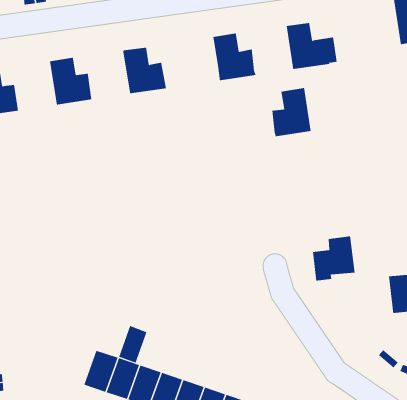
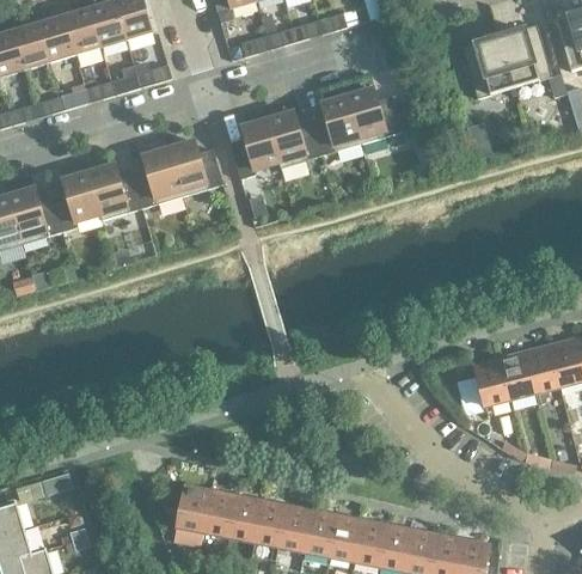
building: none -> [232,118,281,178]
building: none -> [134,147,183,207]
building: none -> [54,171,103,231]
building: [271,87,311,137] -> [313,94,361,154]
building: [312,236,355,281] -> [459,358,510,414]
building: [119,325,147,364] -> none

